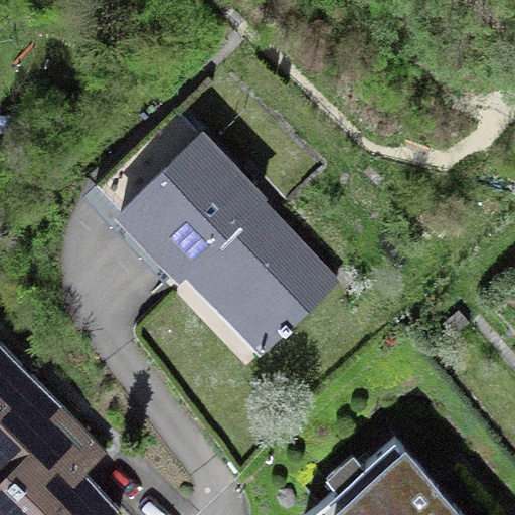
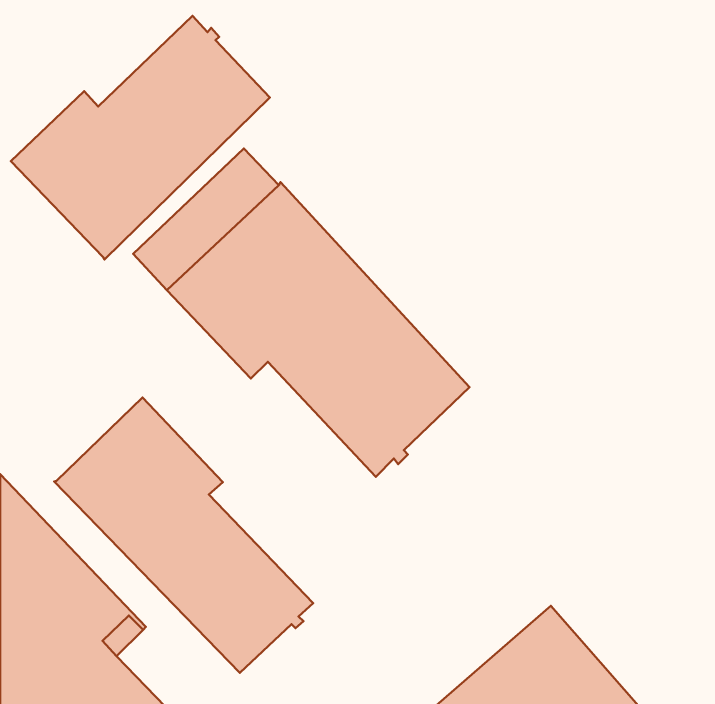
building: none -> [11,16,270,260]
building: none -> [54,398,313,673]

